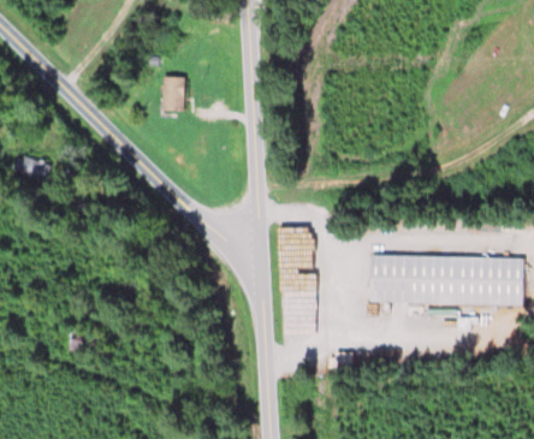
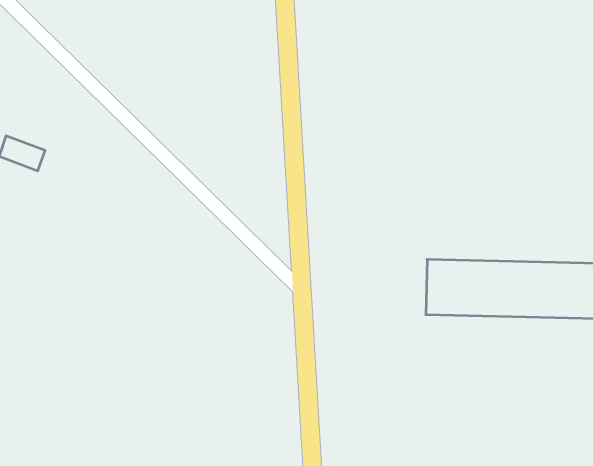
building: [162,77,186,111] -> none

